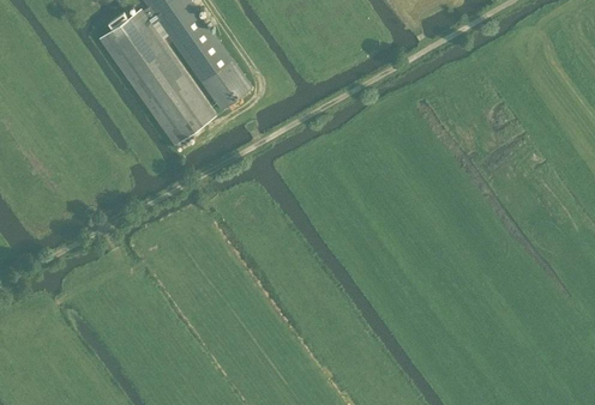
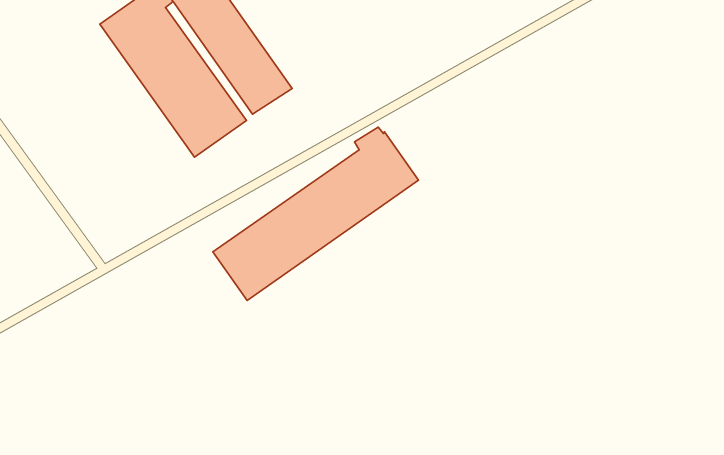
building: none -> [213,127,419,300]

